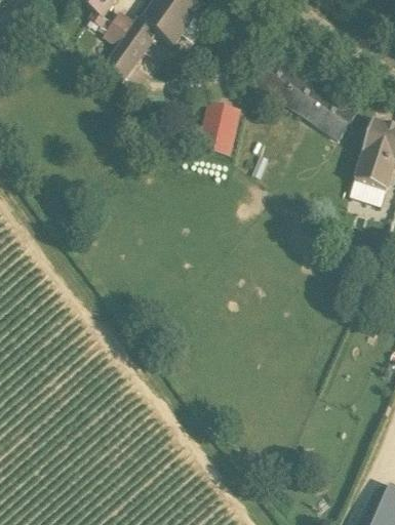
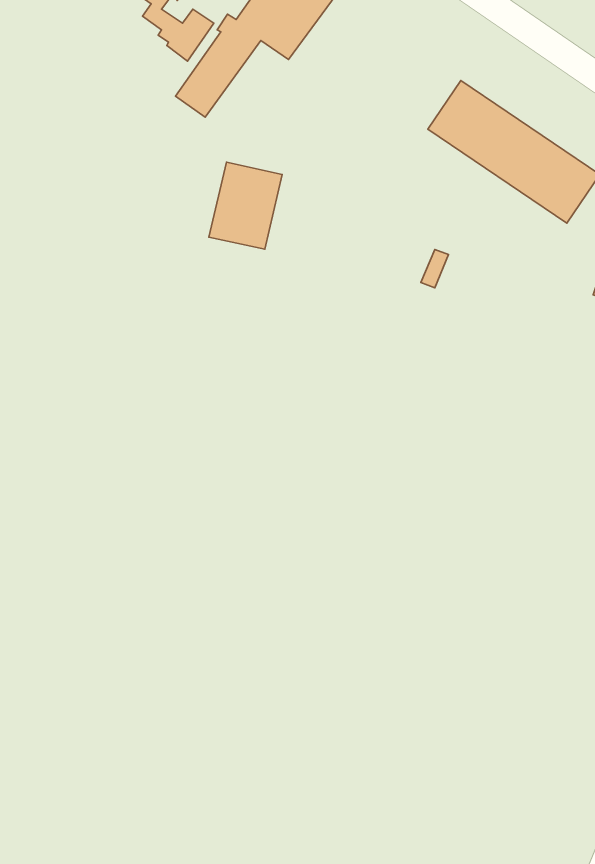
building: [198,103,241,154] -> [209,162,282,249]

